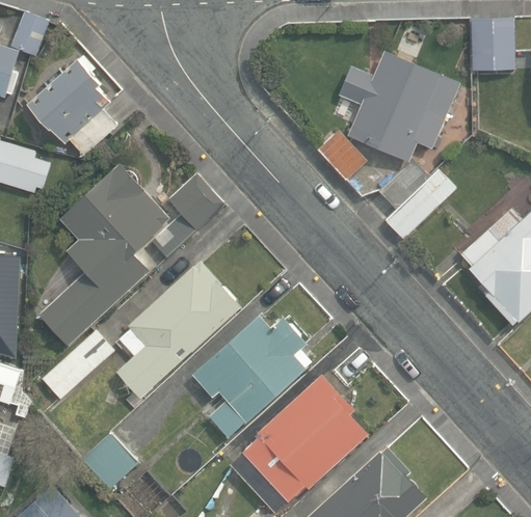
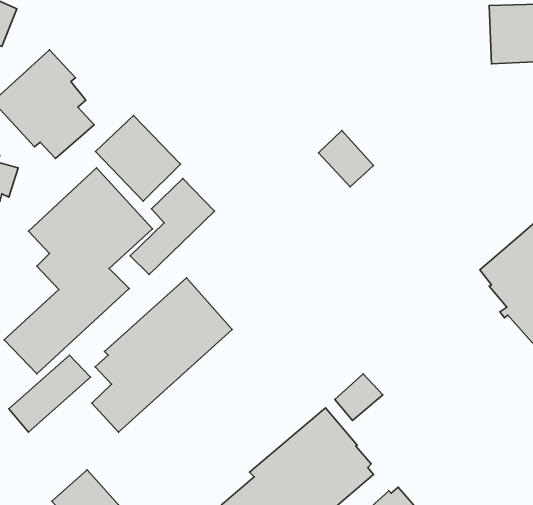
building: [339,51,459,241] -> none
building: none -> [95,115,180,201]
building: [192,318,310,437] -> none

